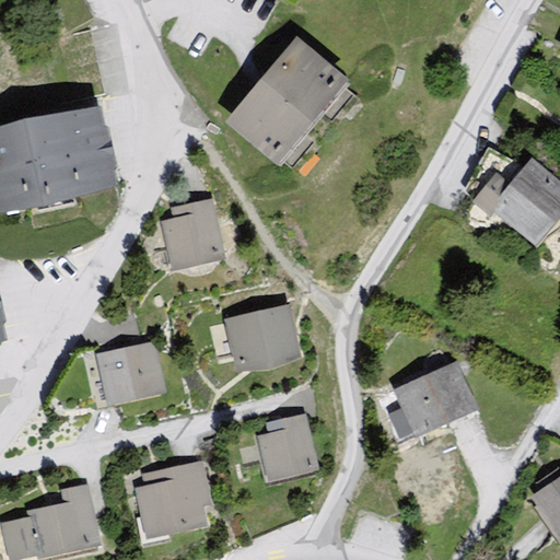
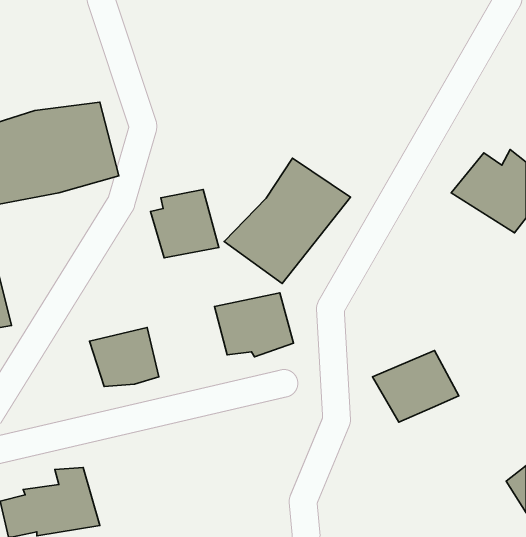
building: [225,34,357,164] -> [224,158,350,284]
building: [255,417,320,480] -> none
building: [132,462,213,538] -> none

